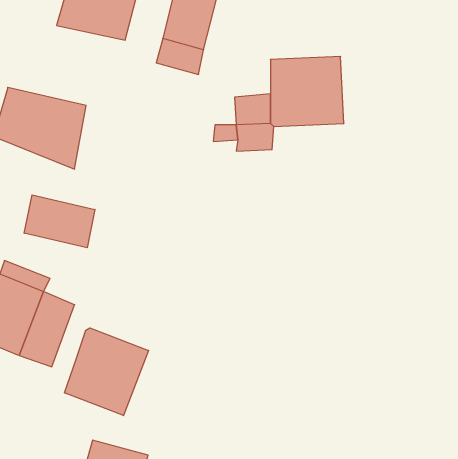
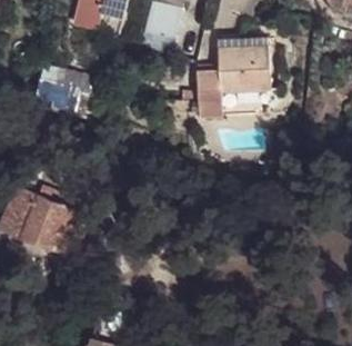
building: [24,195,95,248] -> none
building: [65,328,149,416] -> none

